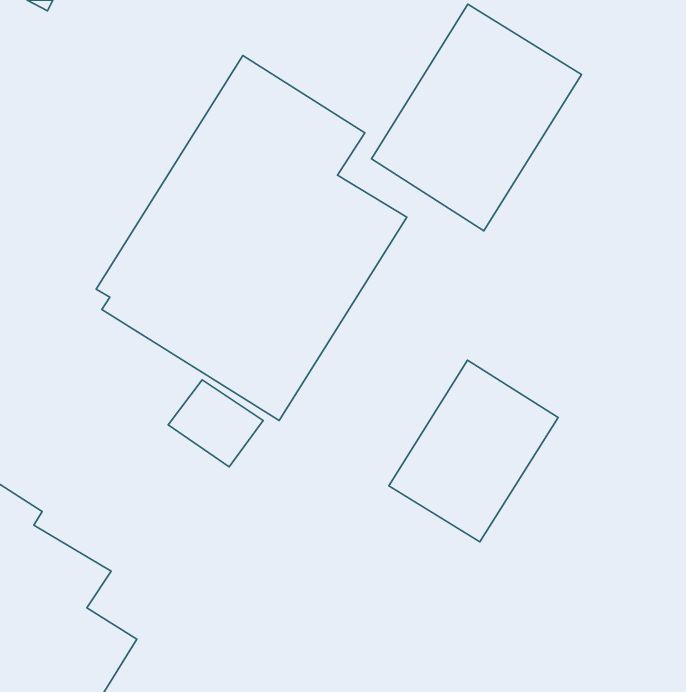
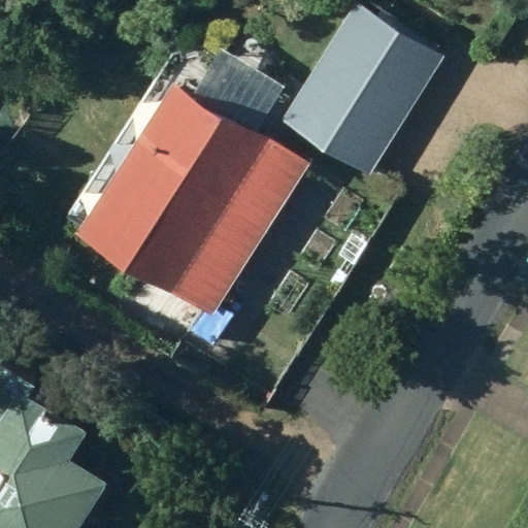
building: [389,360,558,542] -> none

